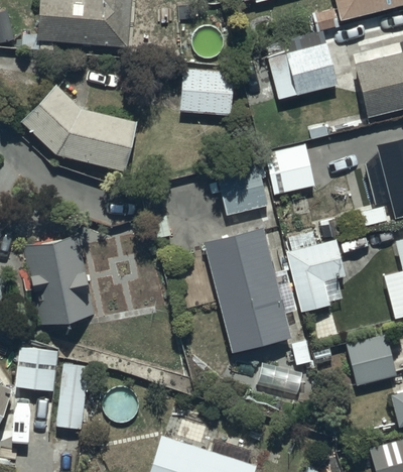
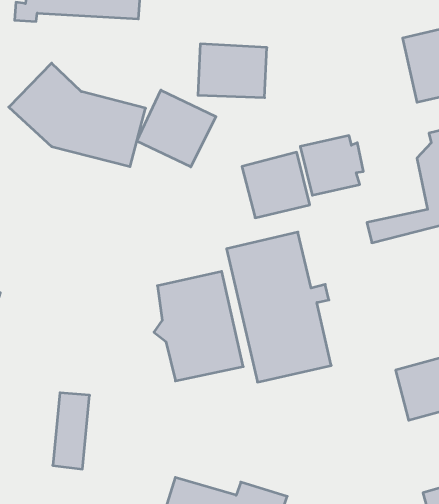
building: [265,37,340,99] -> none
building: none -> [137,90,216,167]
building: [26,234,102,327] -> [154,271,243,381]
building: [287,240,349,310] -> none
building: [16,347,57,389] -> none

